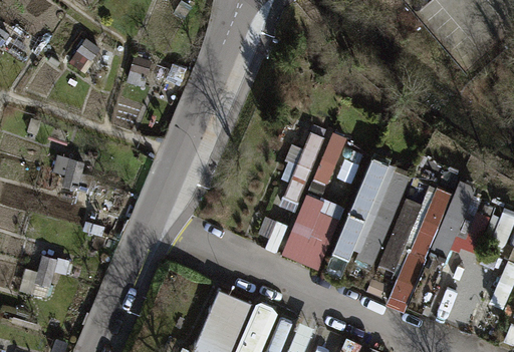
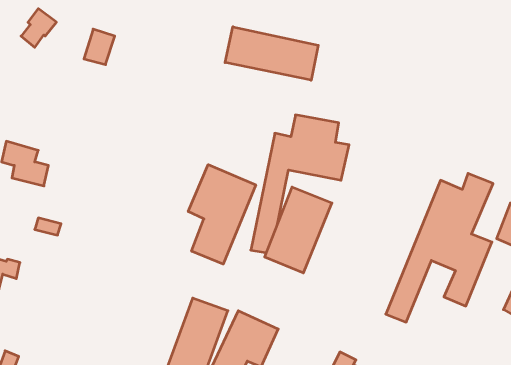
building: none -> [225,27,318,80]
building: [334,161,420,272] -> none
building: none -> [188,165,256,264]

